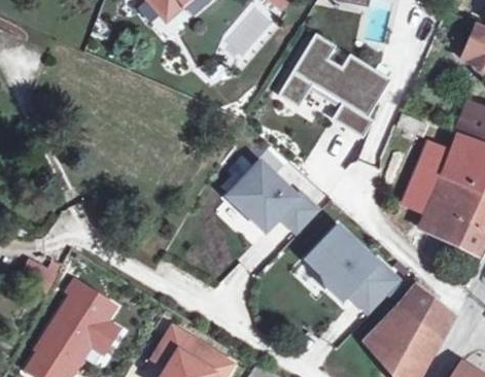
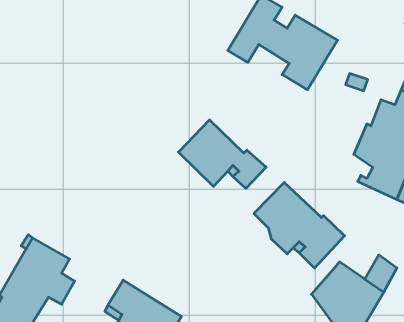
building: [393,285,434,324] -> none

